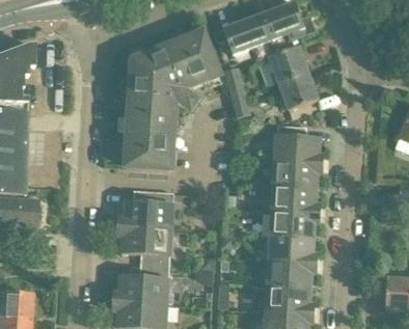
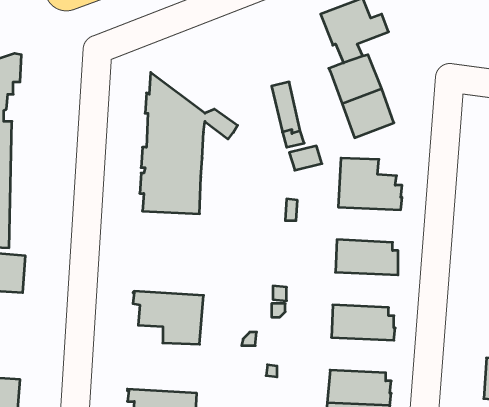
building: [214,15,279,62] -> none
building: [132,31,218,90] -> none
building: [274,162,323,189] -> none
building: [119,190,174,229] -> none
building: [271,212,321,239] -> none
building: [269,262,318,289] -> none
building: [114,266,169,304] -> none

